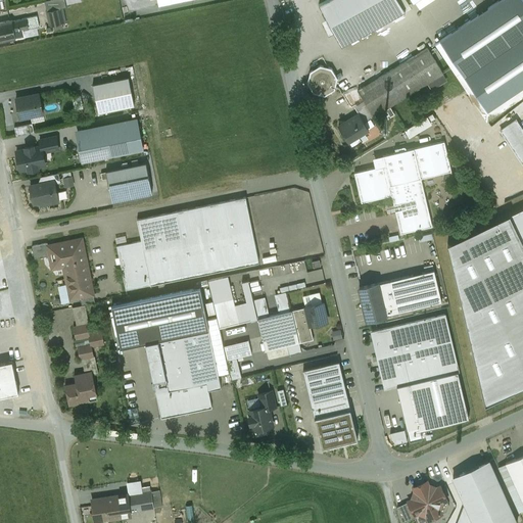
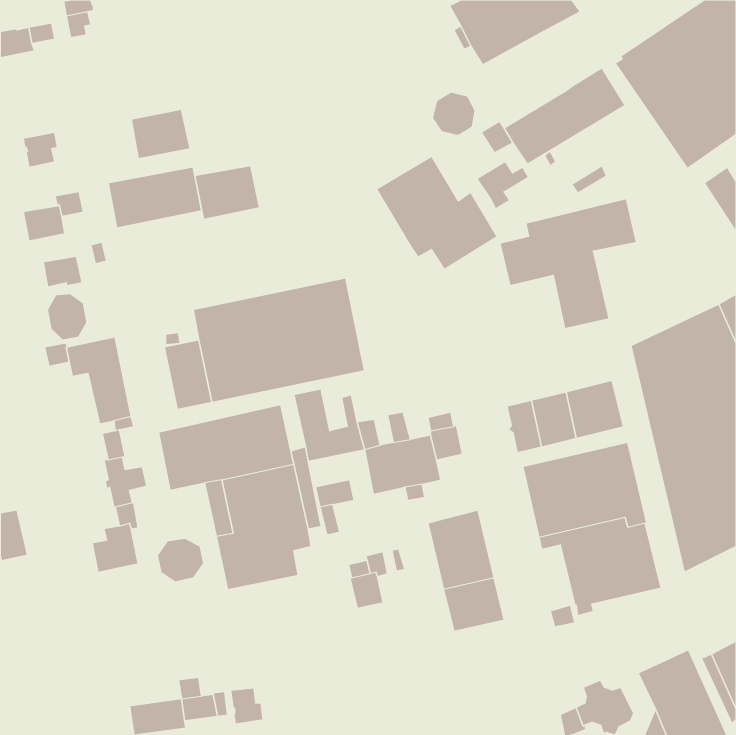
building: none -> [377,156,497,269]
building: [106,164,152,202] -> [195,166,260,219]
building: none -> [48,293,87,340]
building: none -> [157,538,204,582]
building: none -> [231,688,263,724]

